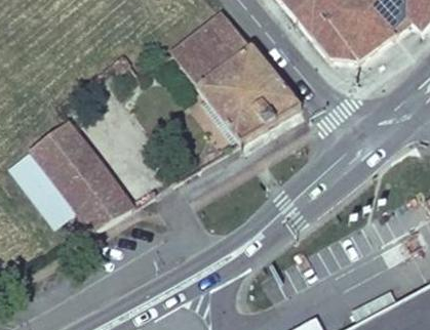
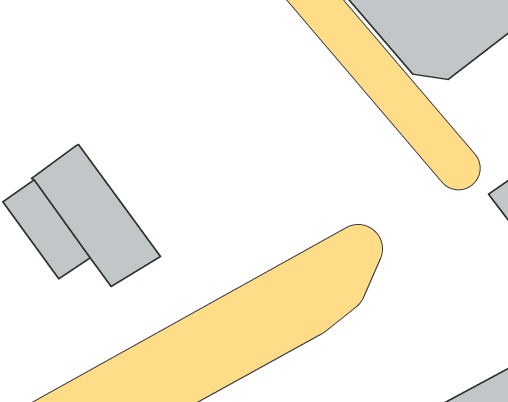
building: [175,11,304,141] -> none

